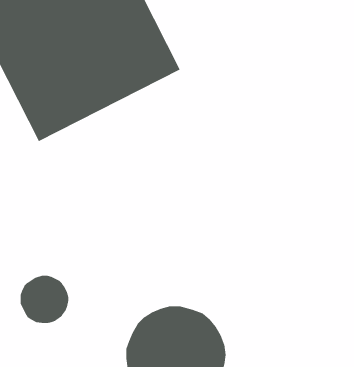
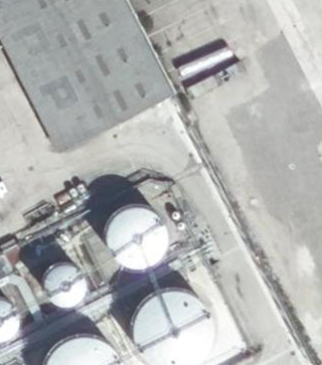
building: none -> [104,203,163,262]

